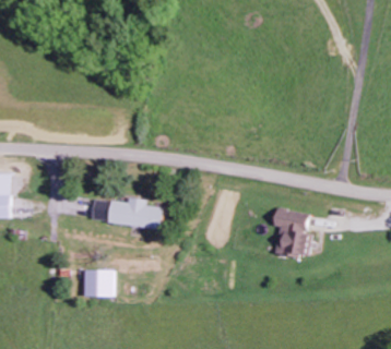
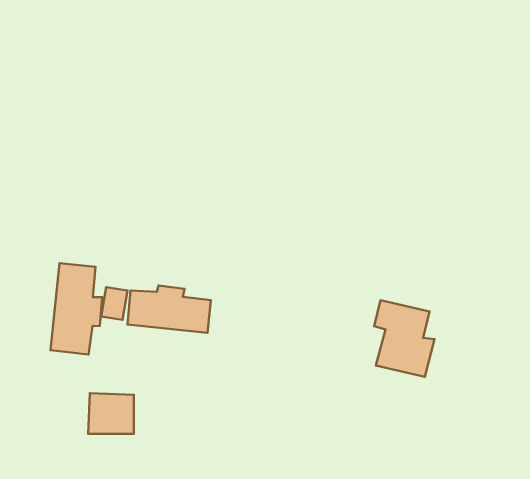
building: none -> [51,263,102,354]

